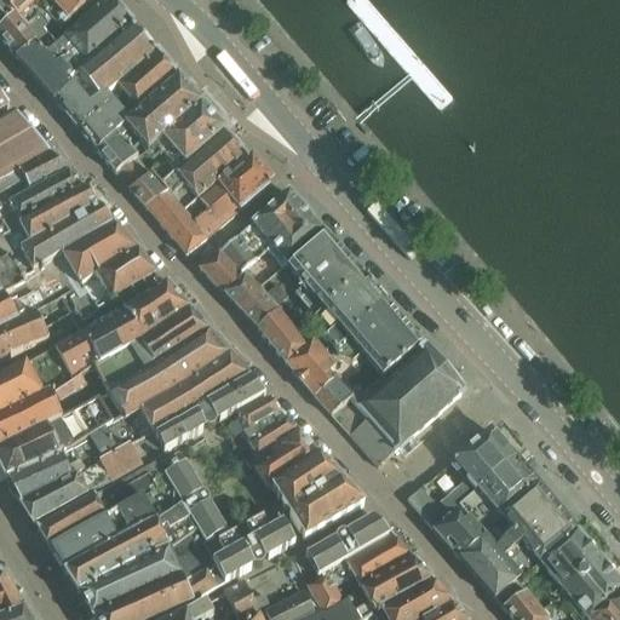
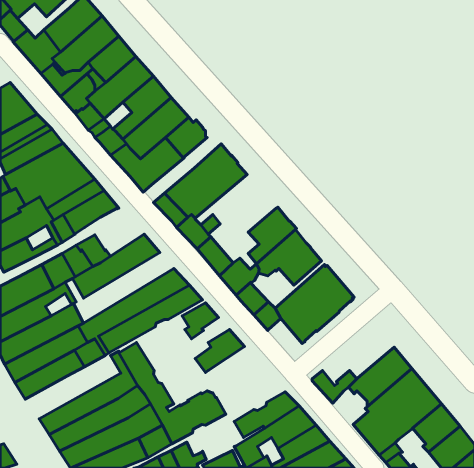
building: [289,230,361,311] -> none
building: [125,281,189,334] -> none
building: [97,329,228,421] -> none
building: [247,414,300,461] -> none
building: [351,415,395,463] -> none
building: [454,426,515,494] -> none
building: [272,452,364,534] -> none
building: [38,464,159,546] -> none
building: [435,505,481,555] -> none

